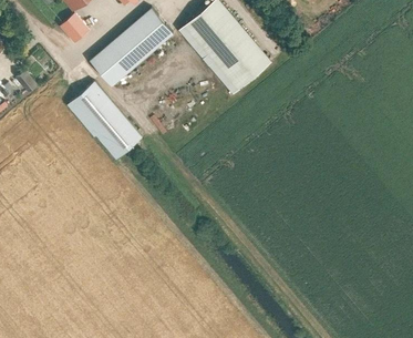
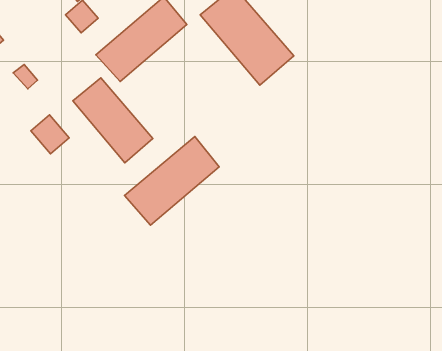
building: none -> [31,115,69,154]
building: none -> [125,136,219,225]

